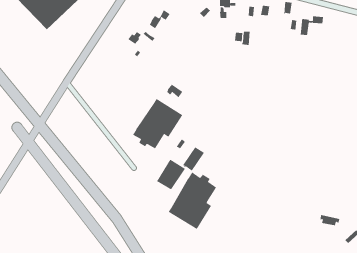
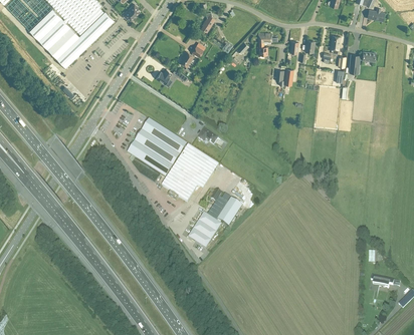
building: none -> [127,118,186,177]
building: [168,171,217,230] -> none

